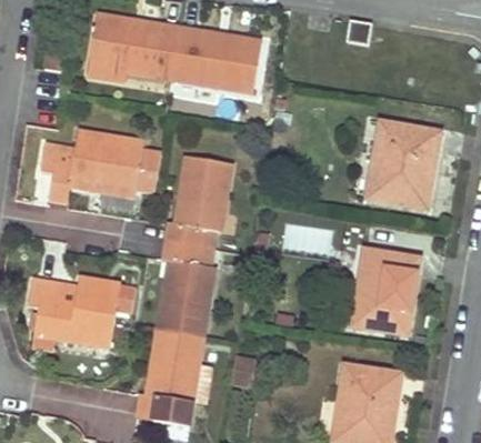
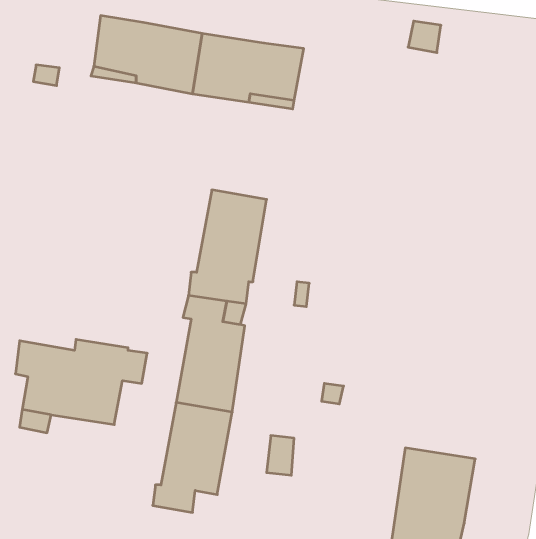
building: [367,121,440,208] -> none
building: [40,129,162,211] -> none
building: [353,249,420,333] -> none

